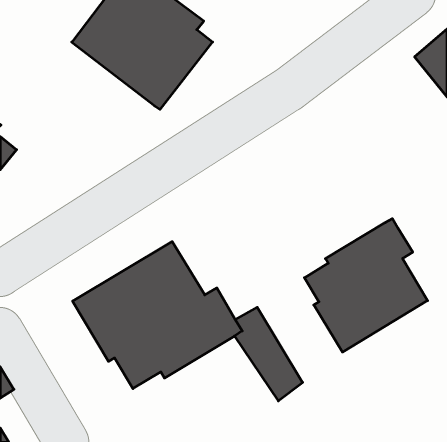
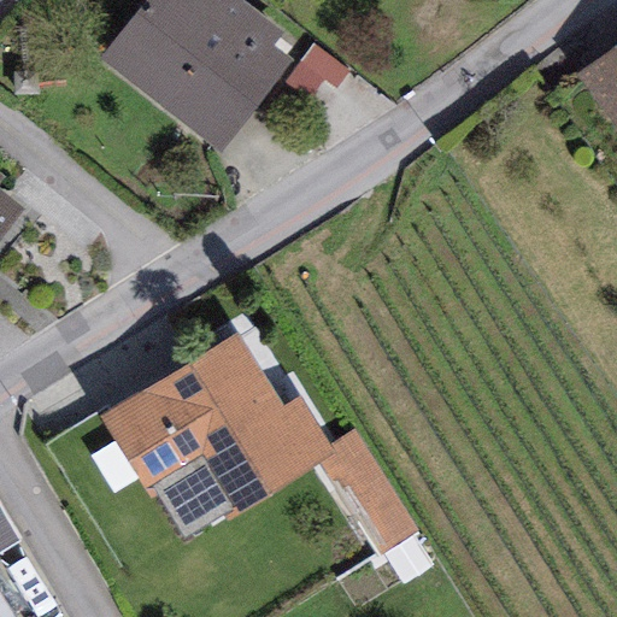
building: [304,219,428,352] -> none

